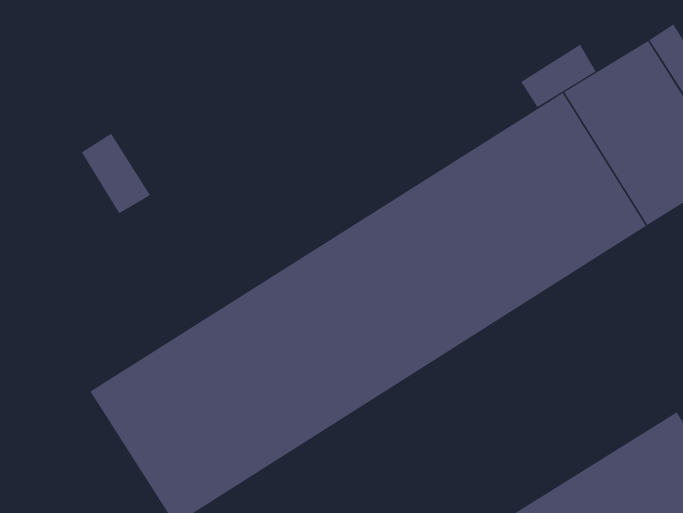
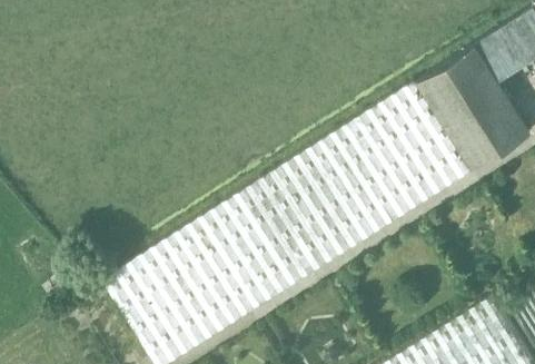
building: [520,44,596,108] -> none
building: [81,133,151,214] -> none

